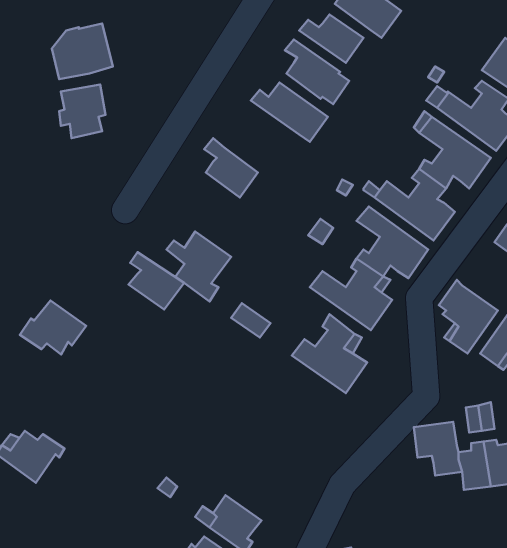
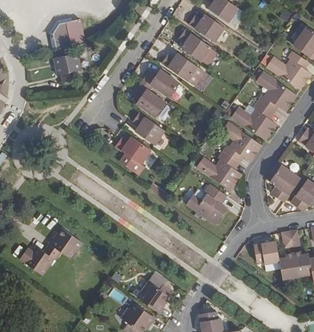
building: none -> [144,69,180,97]
building: [128,252,184,310] -> [134,112,165,144]
building: [20,301,86,354] -> [46,229,83,259]

